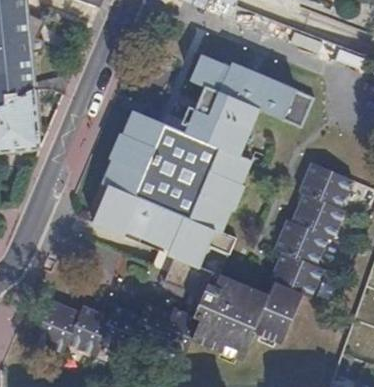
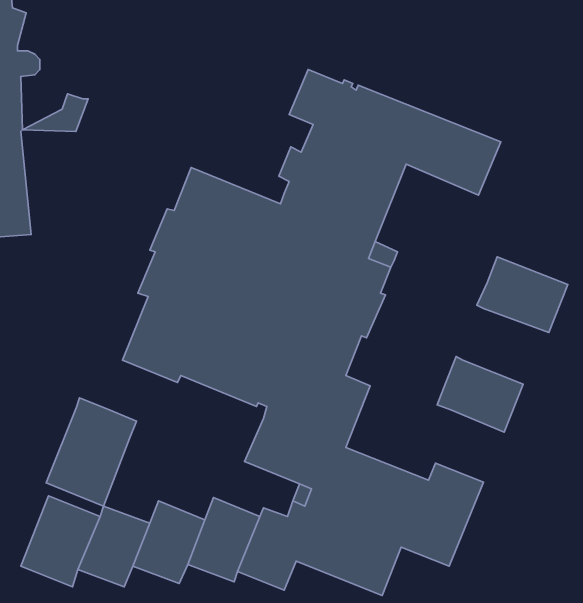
building: [291,192,345,238] -> none
building: none -> [46,398,137,506]
building: [272,251,323,297] -> none

